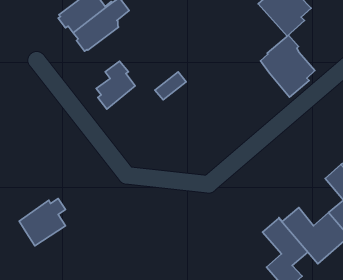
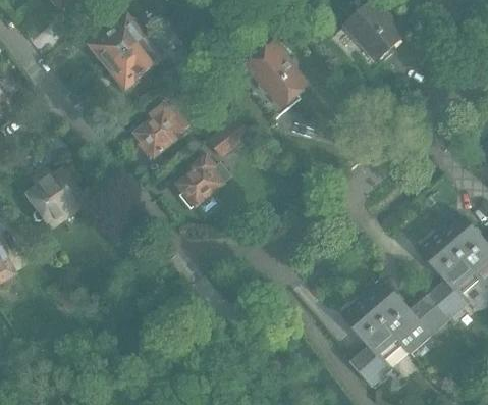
building: [260,35,315,97] -> [240,41,308,117]
building: none -> [178,153,231,213]
building: [19,199,65,246] -> [23,165,80,223]

